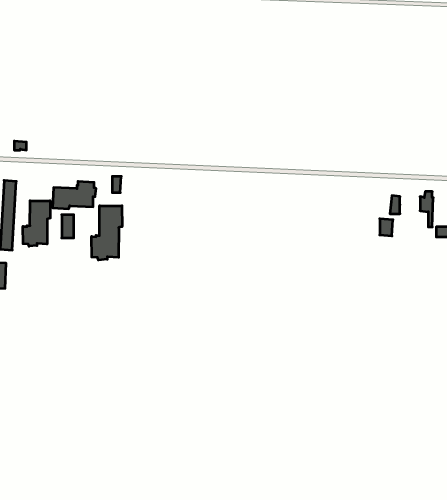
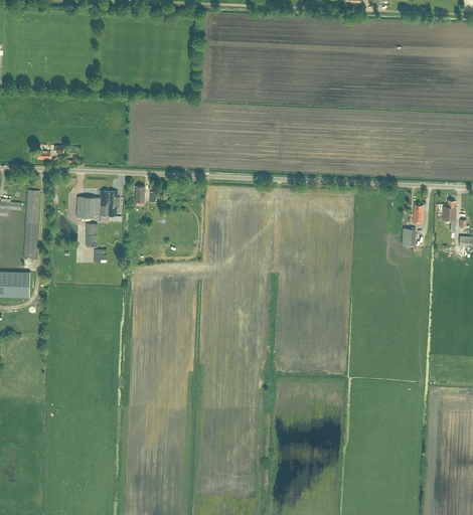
building: [23,201,50,246] -> none
building: [92,206,122,260] -> none

